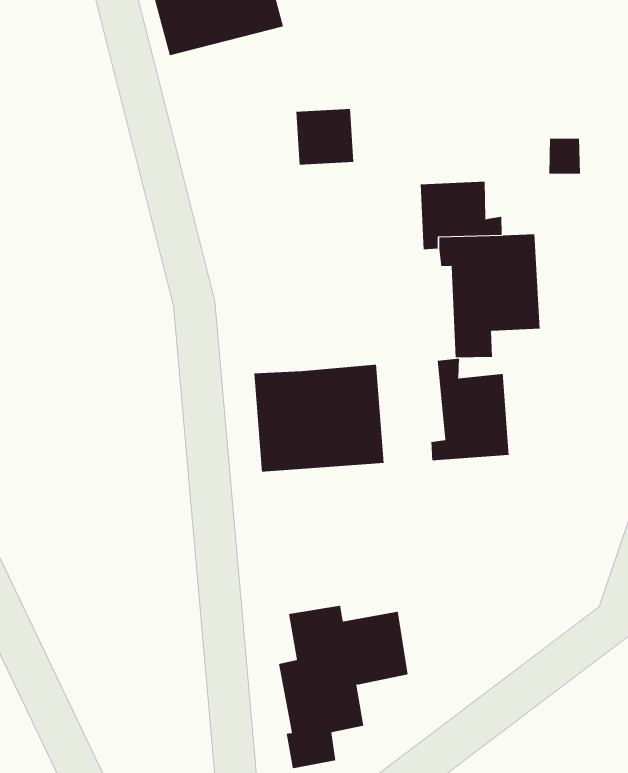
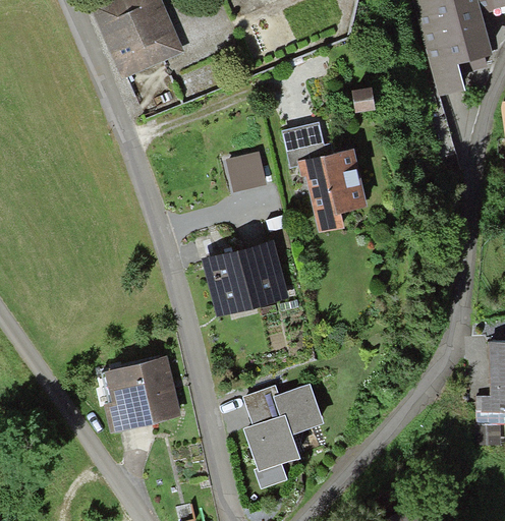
building: [295,108,354,165] -> [226,152,266,190]
building: [431,358,509,461] -> none
building: none -> [105,357,180,428]

